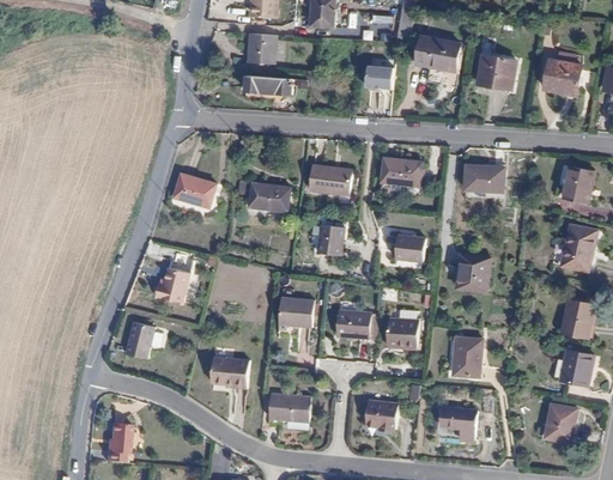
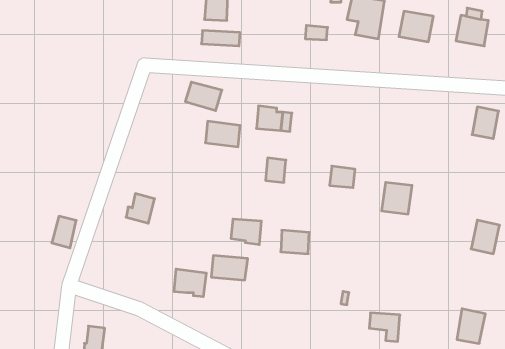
building: [382,157,423,186] -> none
building: [465,164,504,193] -> none
building: [174,174,217,207] -> [185,82,222,111]
building: [562,224,596,272] -> none
building: [388,317,420,348] -> none
building: [125,321,153,358] -> [52,216,76,248]
building: [455,336,482,376] -> none
building: [560,350,594,385] -> none
building: [269,393,312,421] -> [211,256,248,280]
building: [365,399,397,430] -> none

